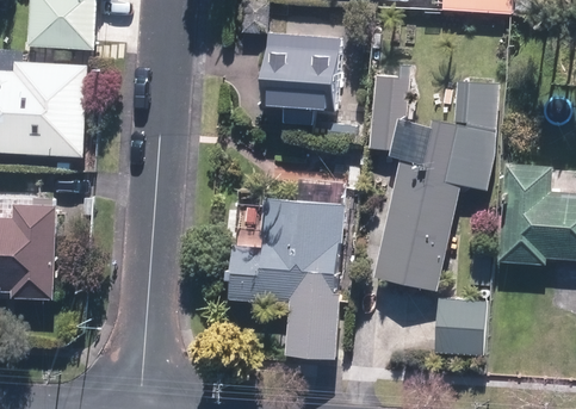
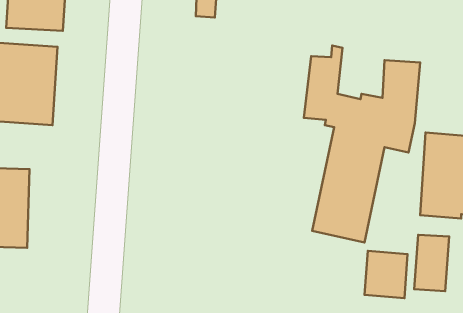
building: [264,33,337,110] -> none
building: [231,198,346,357] -> none
building: none -> [414,235,449,291]

